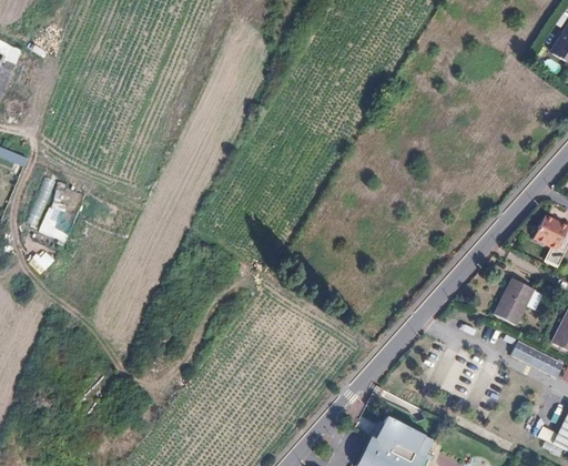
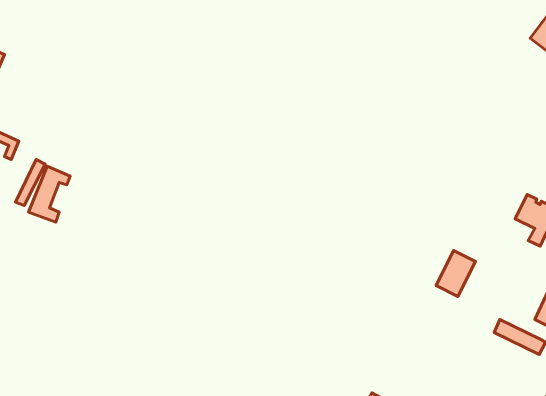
building: [494,277,534,324] -> [436,251,475,297]

